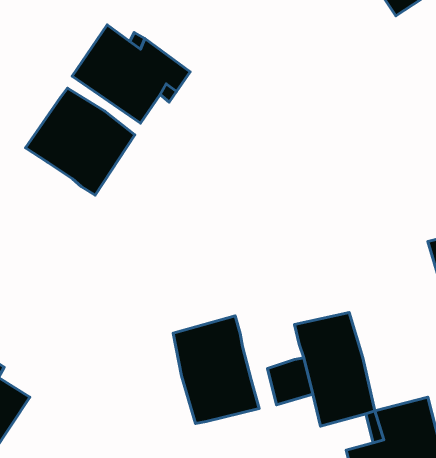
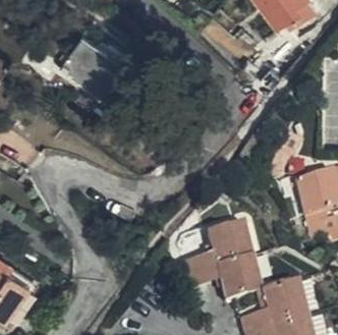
building: [25,88,135,195] -> none
building: [173,316,259,424] -> none

